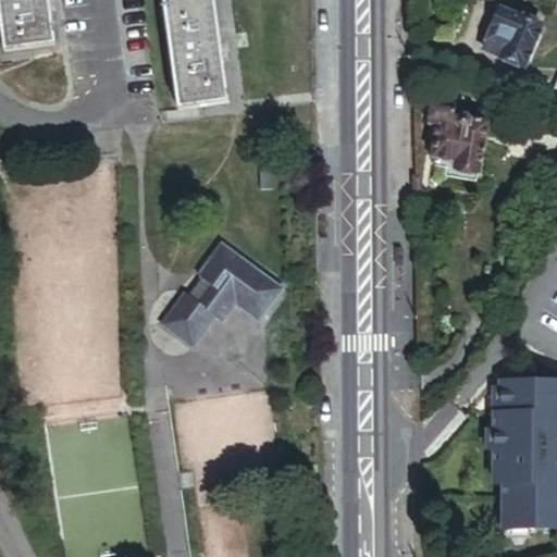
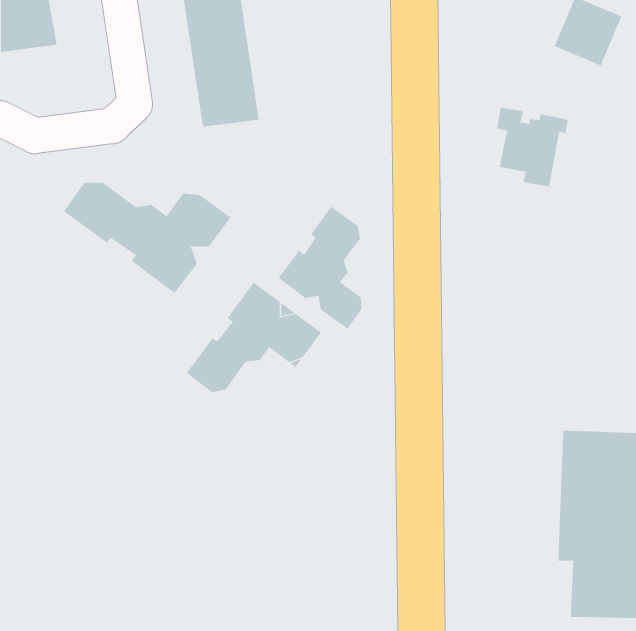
building: none -> [63,182,231,294]
building: none -> [278,206,362,330]

